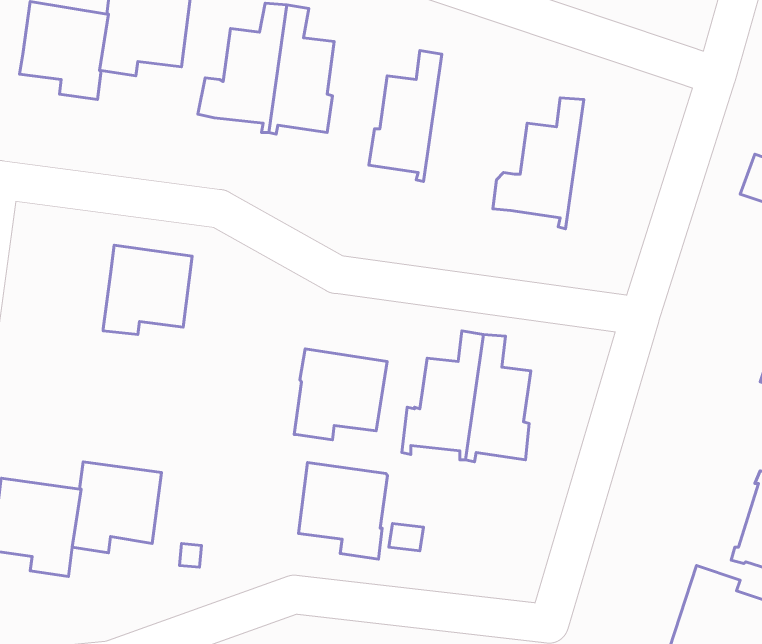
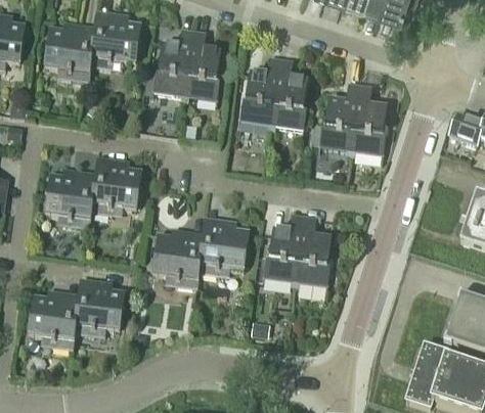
building: none -> [271,56,309,128]
building: none -> [351,82,388,154]
building: none -> [45,173,95,228]
building: [298,463,388,559] -> [152,233,203,287]

